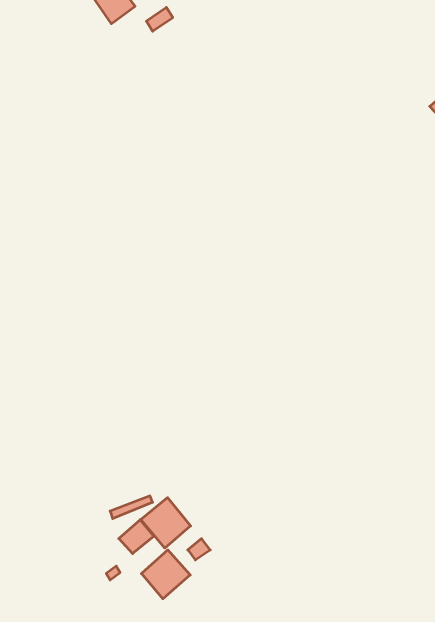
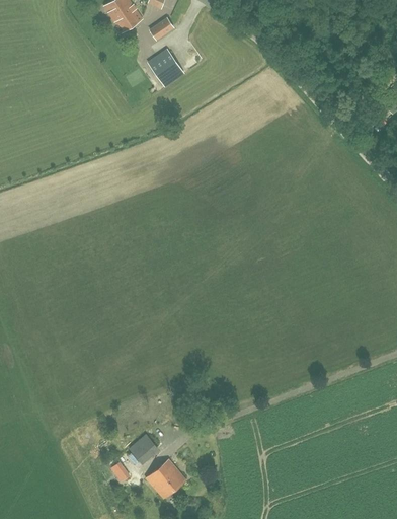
building: none -> [148,49,183,86]
building: [141,498,191,548] -> none

